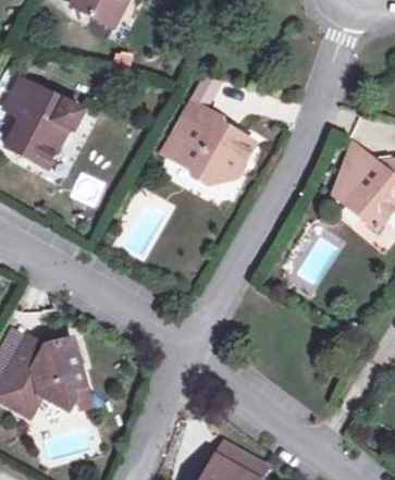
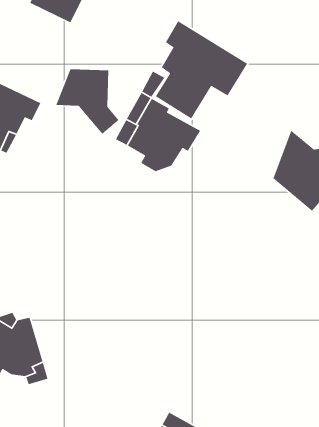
building: none -> [155,20,248,119]
building: none -> [55,69,120,135]

